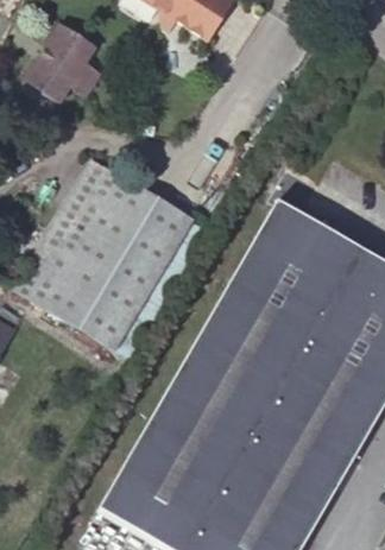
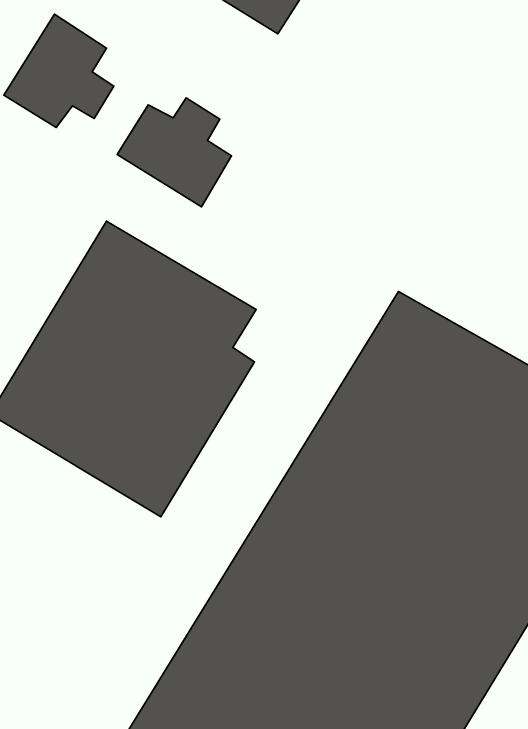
building: none -> [117,98,232,207]

